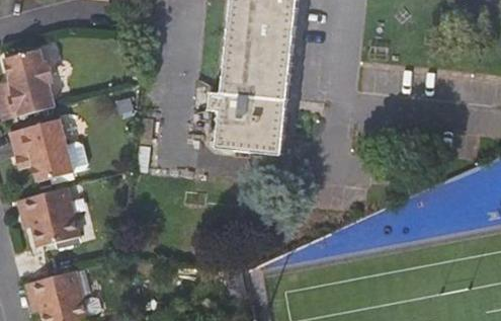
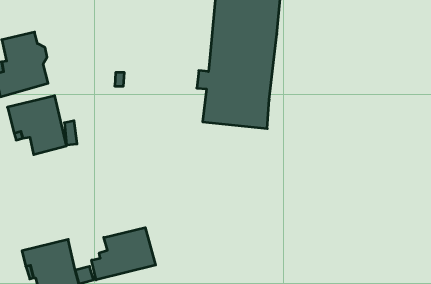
building: [17,186,77,245] -> none
building: none -> [92,228,156,280]

